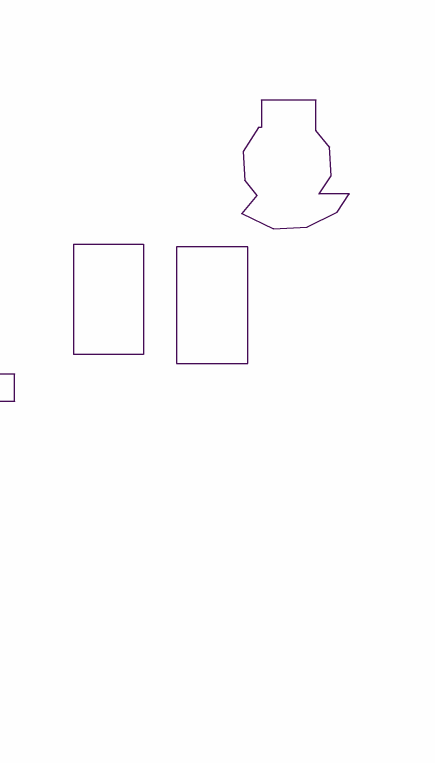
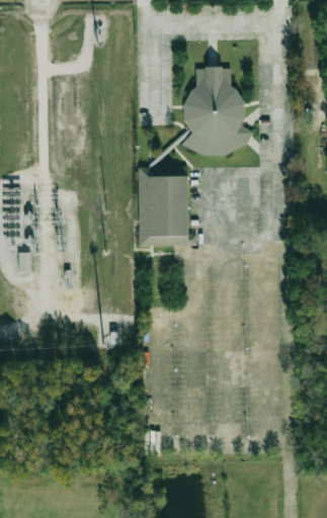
building: [74,244,143,354] -> none

